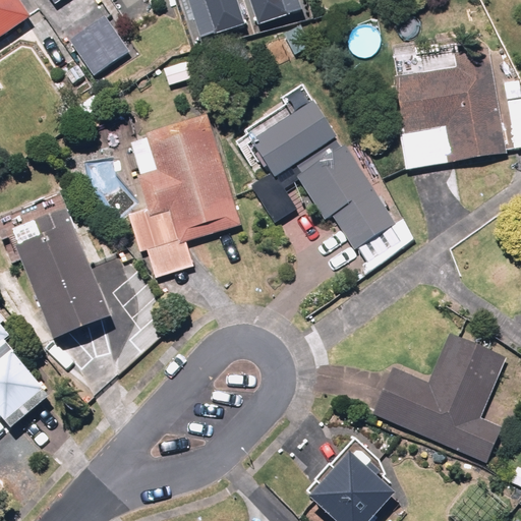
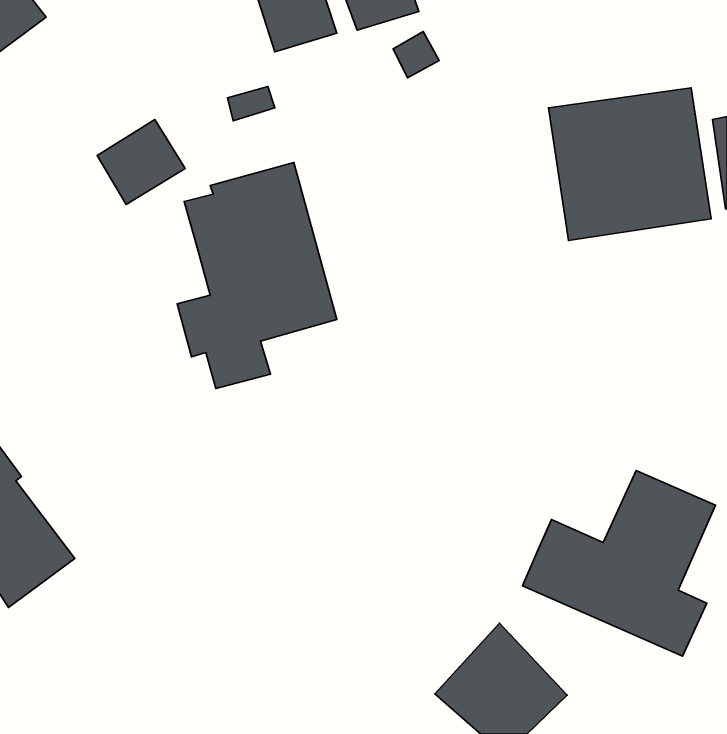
building: [64,16,126,76] -> [97,119,185,204]
building: [244,74,394,254] -> none
building: [20,207,112,336] -> none

